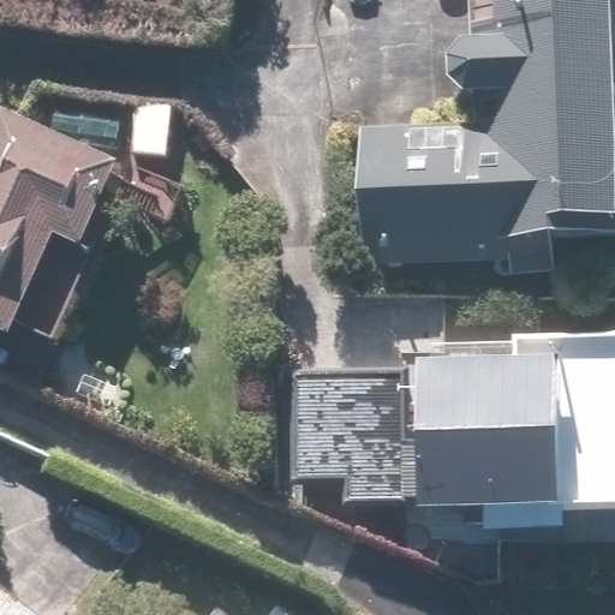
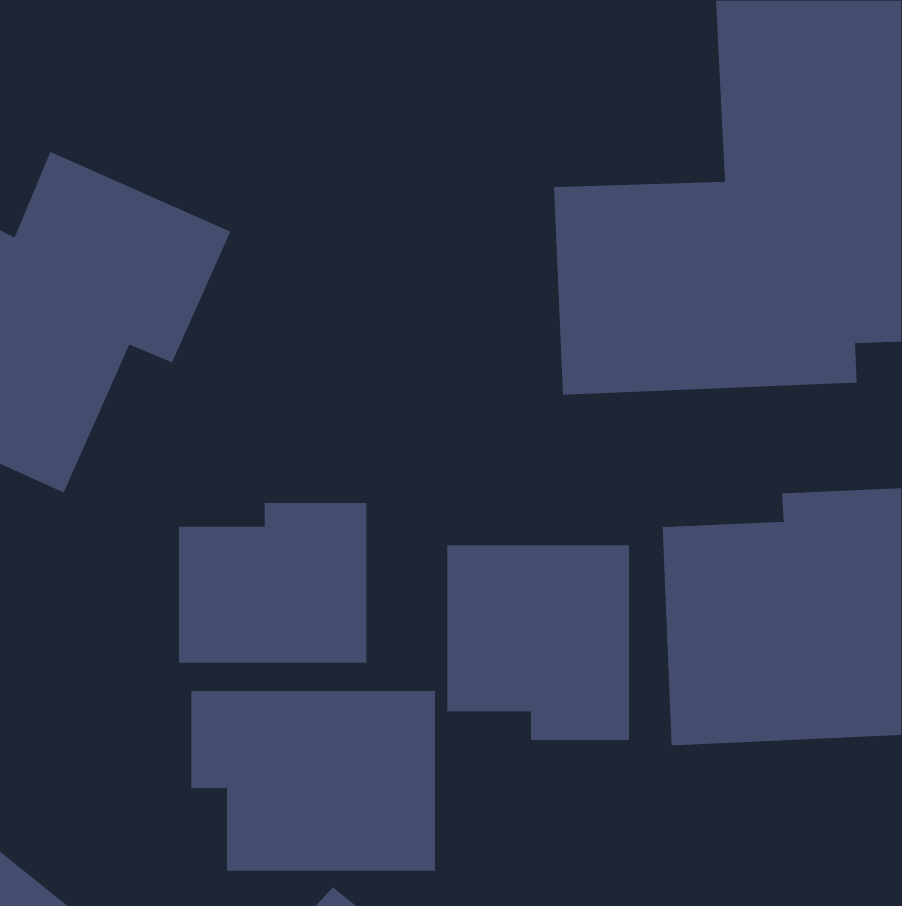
building: none -> [178,502,367,664]
building: none -> [191,690,436,871]

